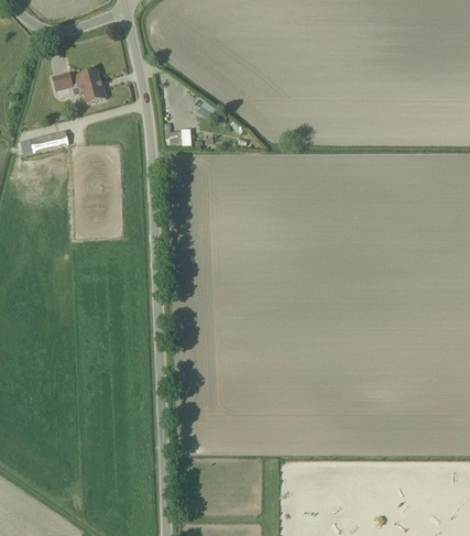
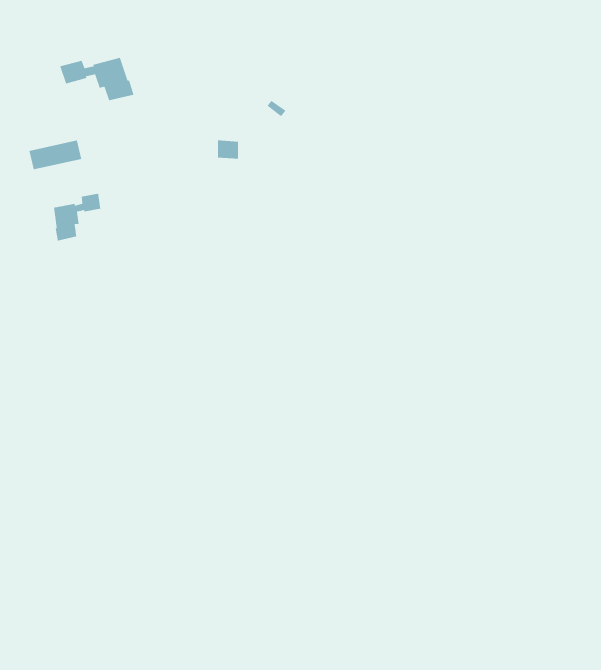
building: none -> [53,193,101,241]

